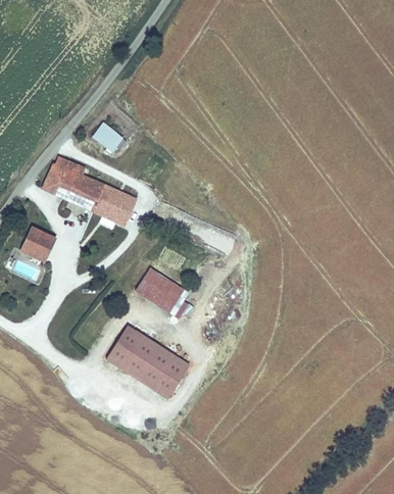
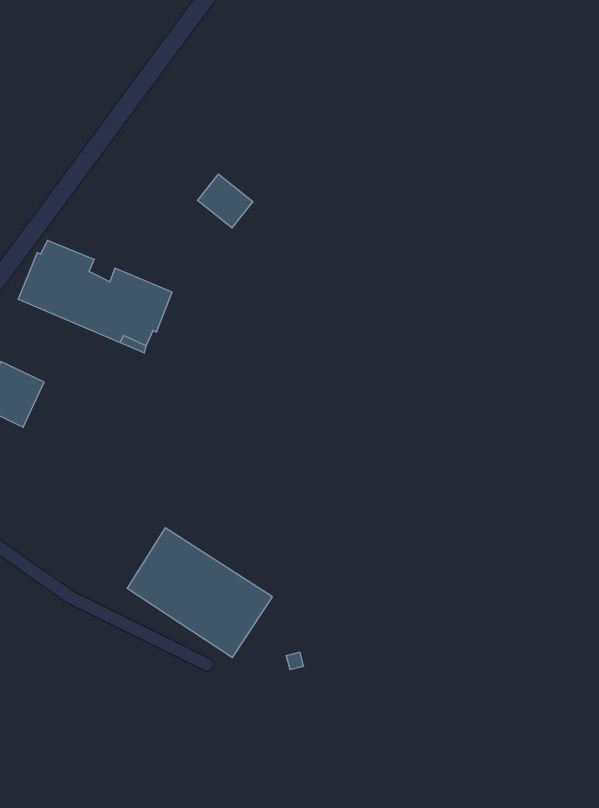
building: [91,120,124,152] -> [197,174,253,228]
building: [135,266,190,318] -> none

